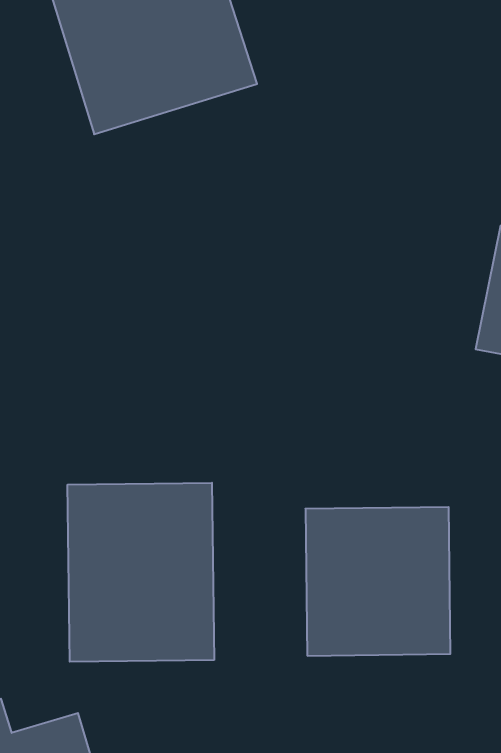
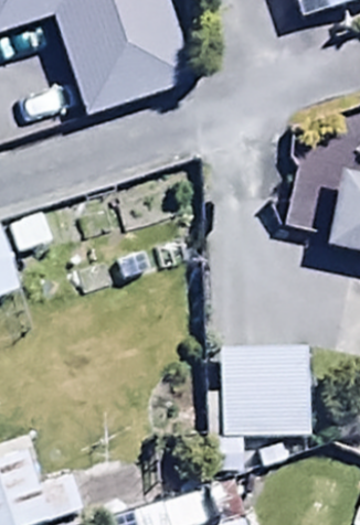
building: [68,483,214,662] -> none

